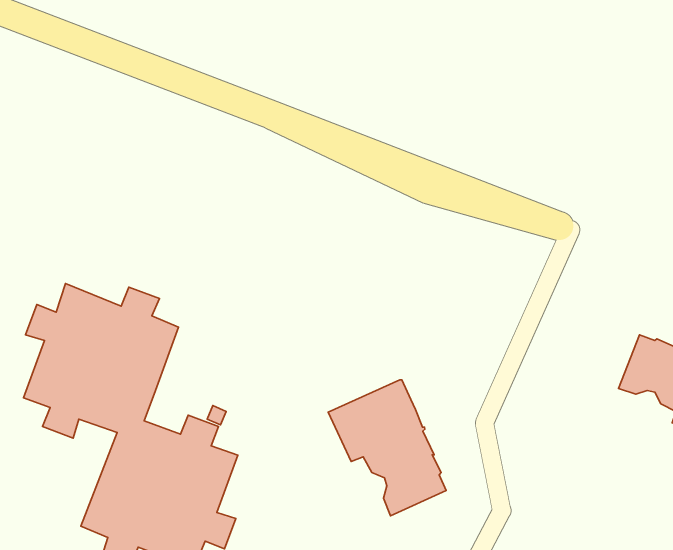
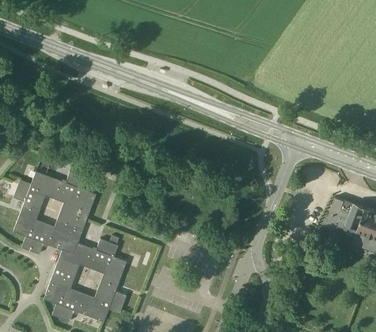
building: [328,380,446,516] -> none

